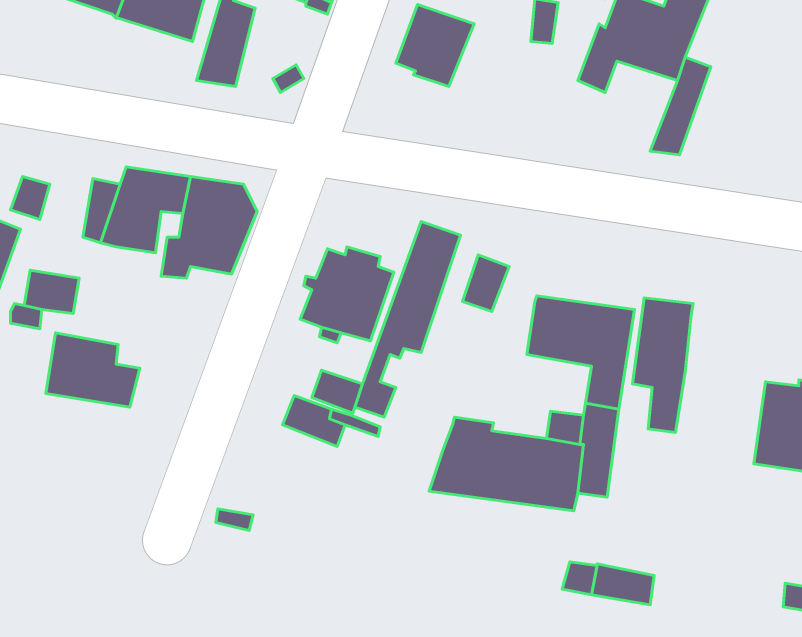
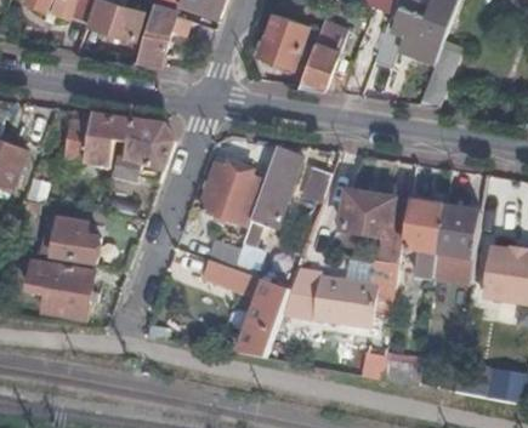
building: none -> [299,32,341,91]
building: none -> [432,207,479,286]
building: none -> [27,262,96,321]
building: none -> [238,281,288,359]

